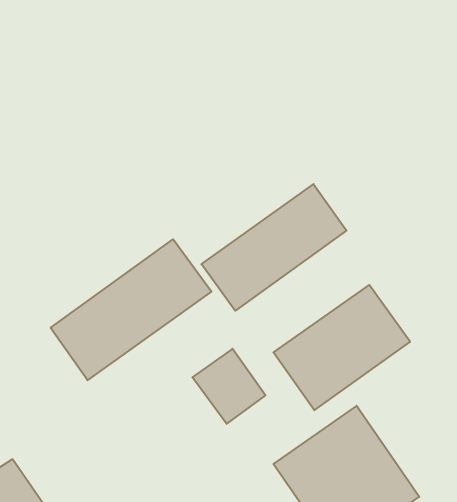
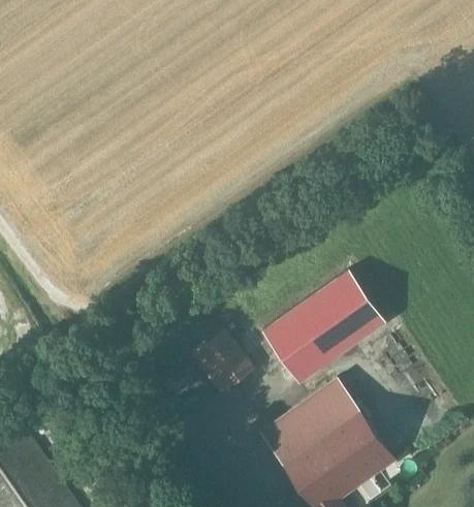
building: [201,184,346,311] -> none
building: [51,239,211,380] -> none

